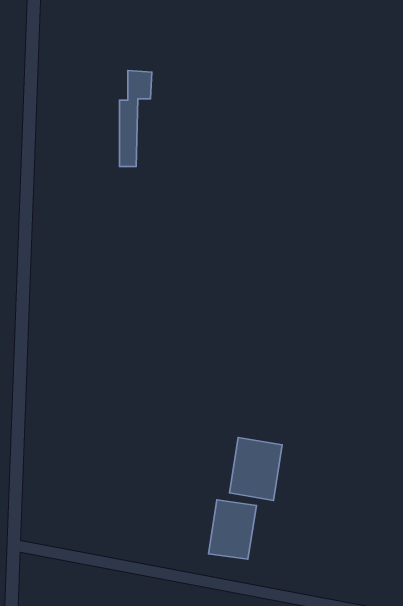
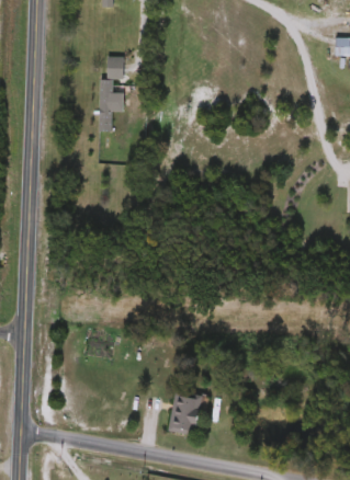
building: [229,437,282,501] -> none

